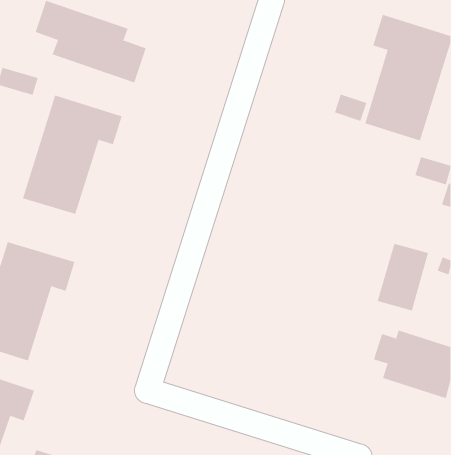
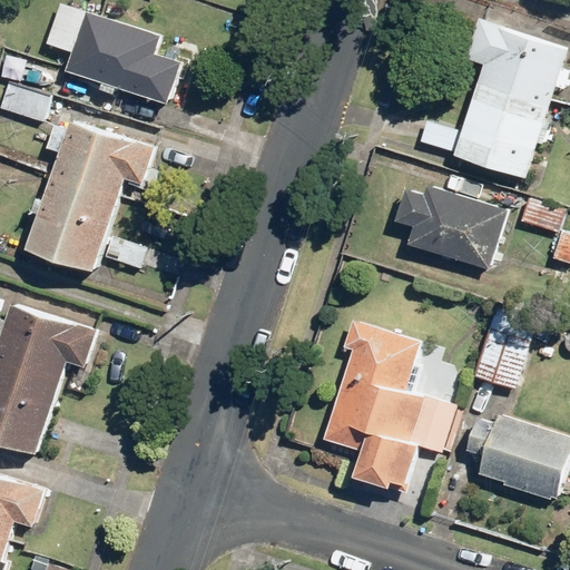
building: none -> [394,184,510,269]
building: none -> [323,321,453,491]

